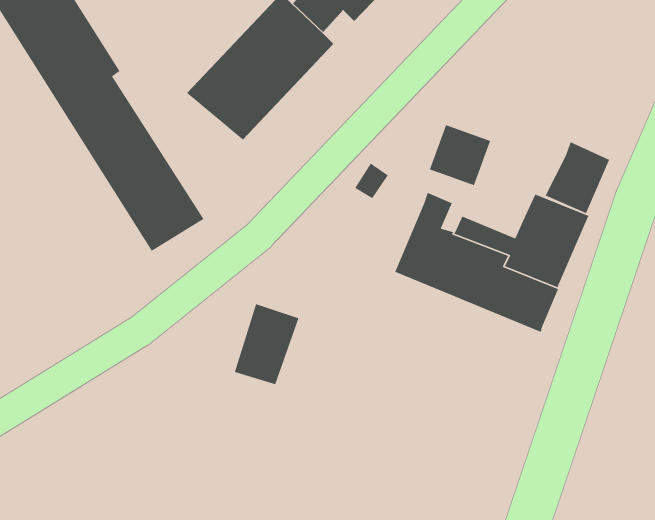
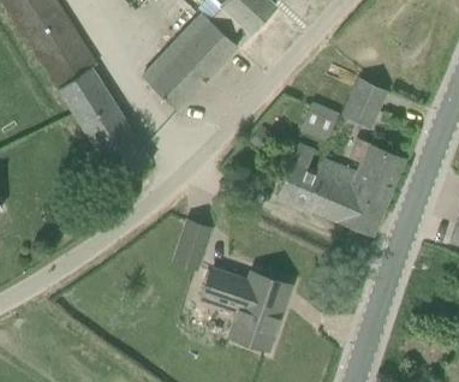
building: [545,141,610,214] -> [342,79,386,127]
building: none -> [202,270,288,350]

